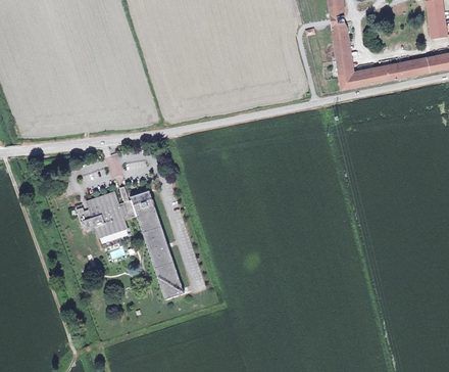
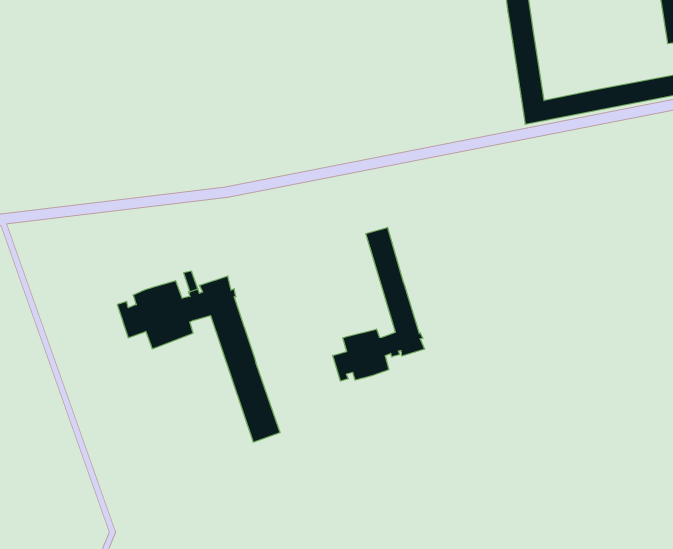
building: none -> [333,227,424,381]

